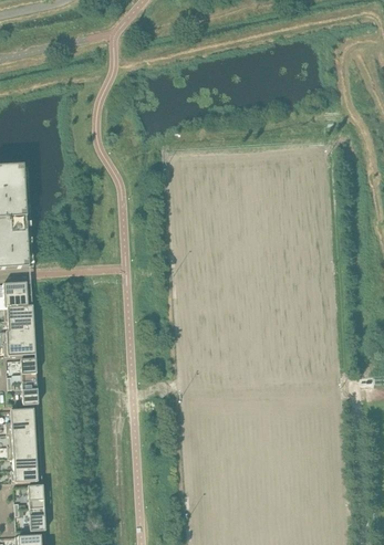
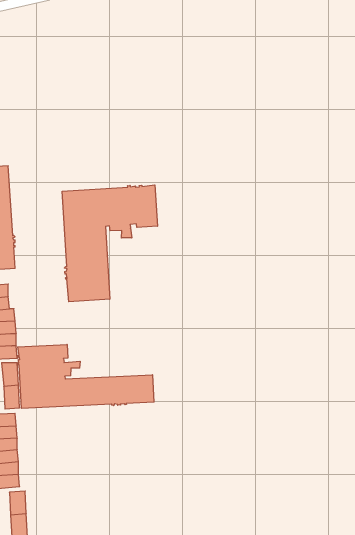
building: none -> [62,185,157,302]
building: none -> [17,344,154,408]

